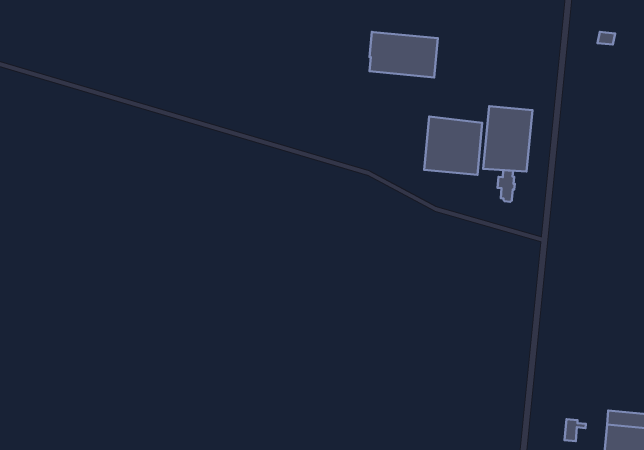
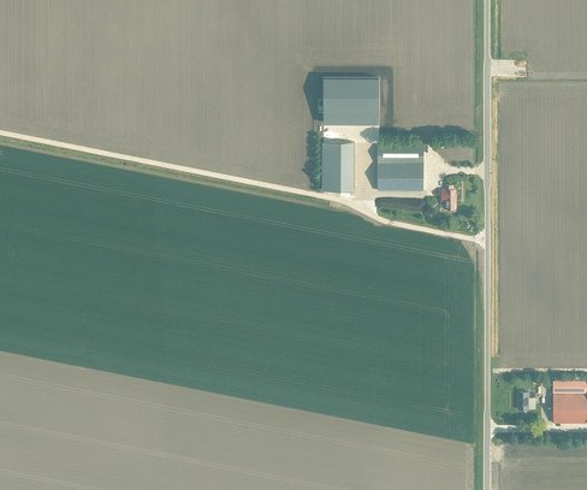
building: [483,106,532,171] -> none
building: none -> [322,144,352,193]

